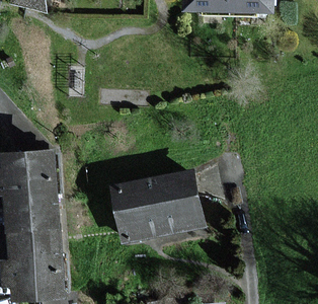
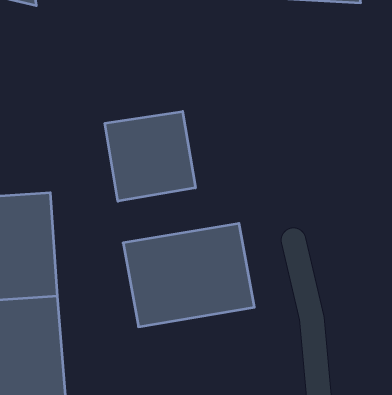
building: none -> [105,111,195,201]

